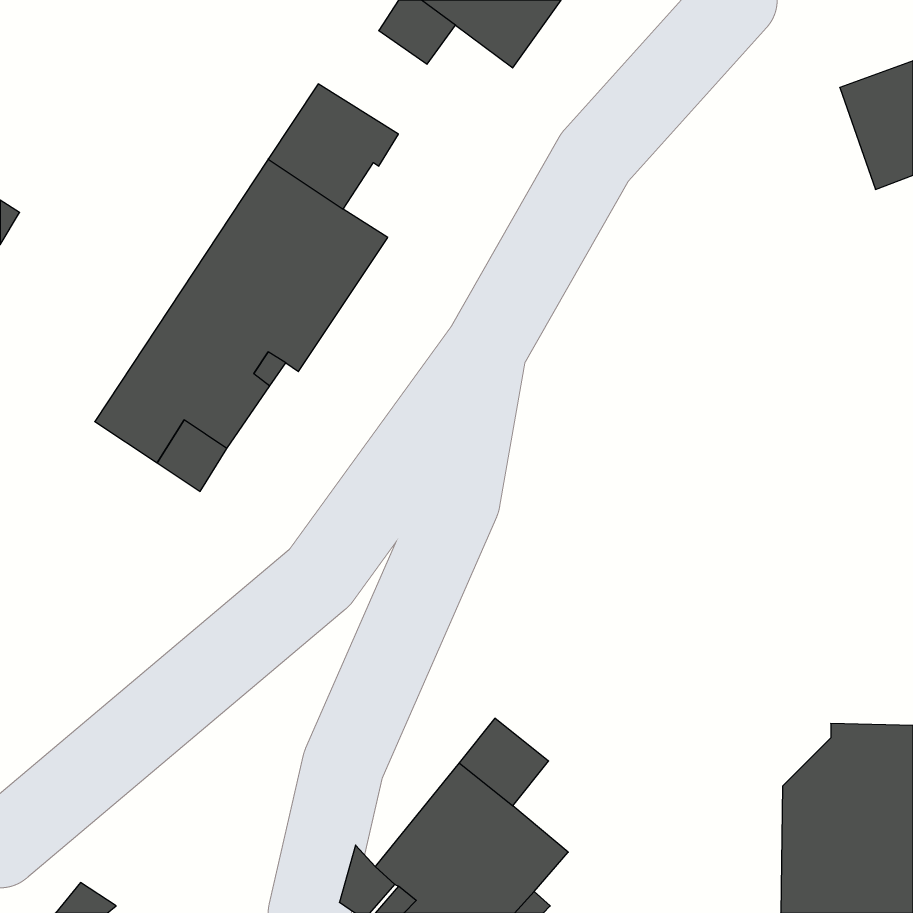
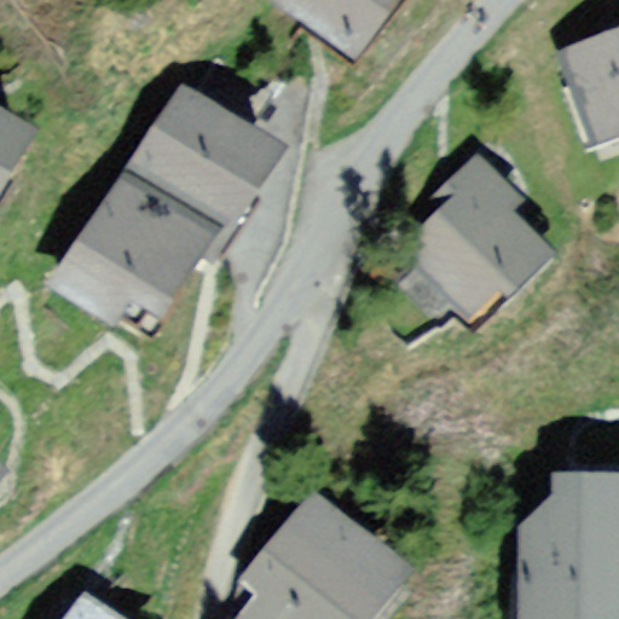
building: none -> [387,167,542,330]

